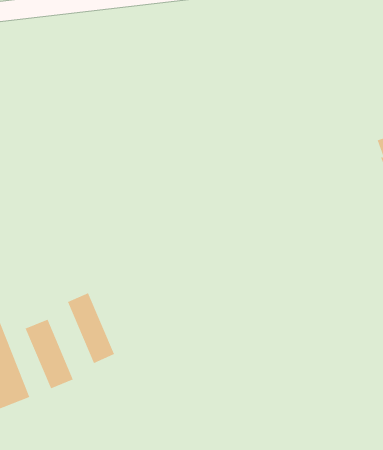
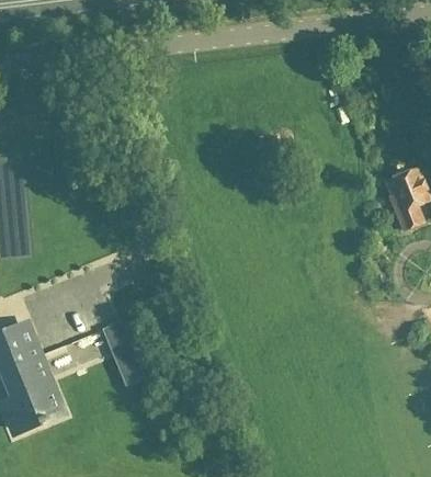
building: [25,319,74,389] -> none

